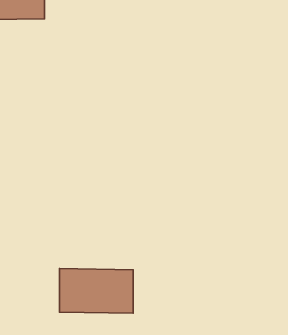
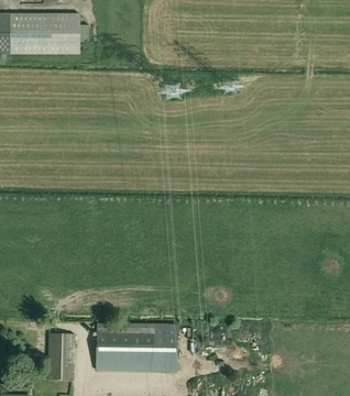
building: none -> [47,332,74,380]

